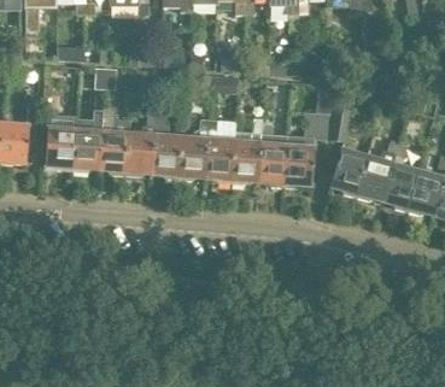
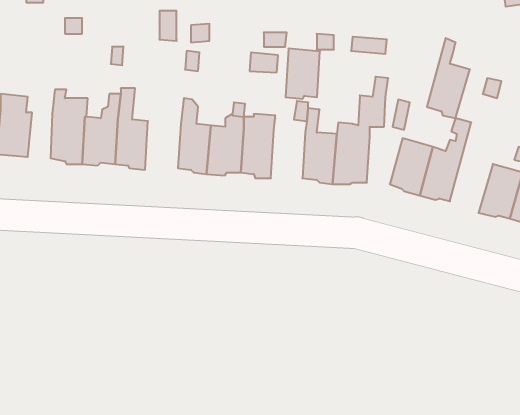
building: [125,115,158,175] -> none
building: [232,141,260,183] -> [286,49,320,99]
building: [382,143,418,211] -> [427,38,470,118]

